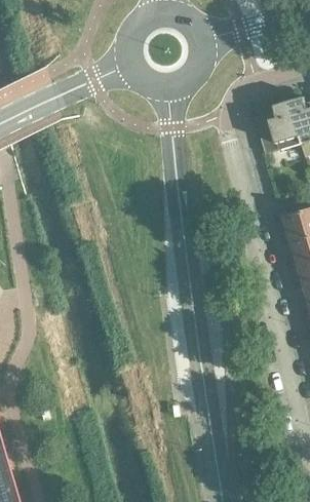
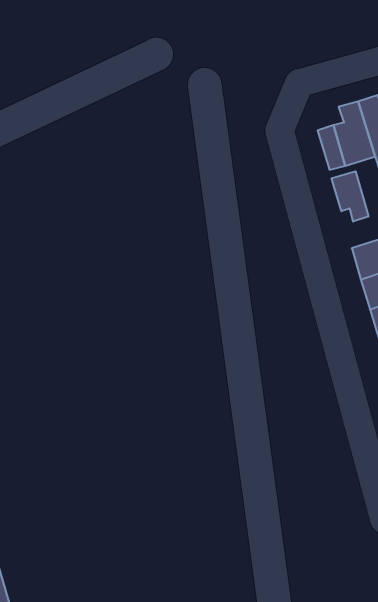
building: none -> [332,171,368,222]

